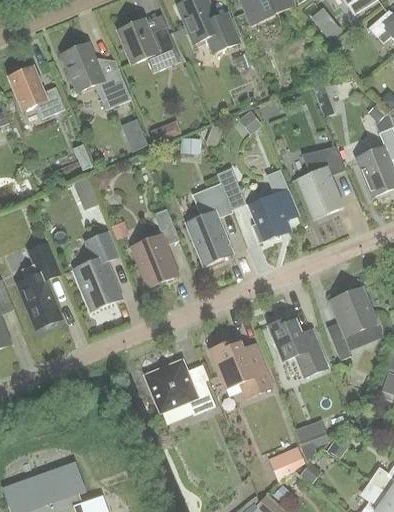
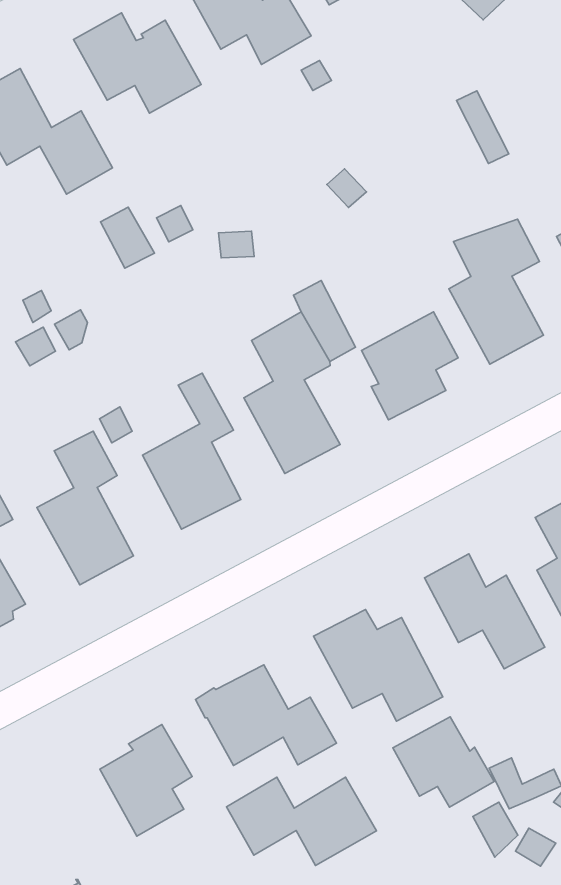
building: none -> [100,725,192,836]
building: none -> [393,717,494,807]
building: none -> [227,777,376,865]

